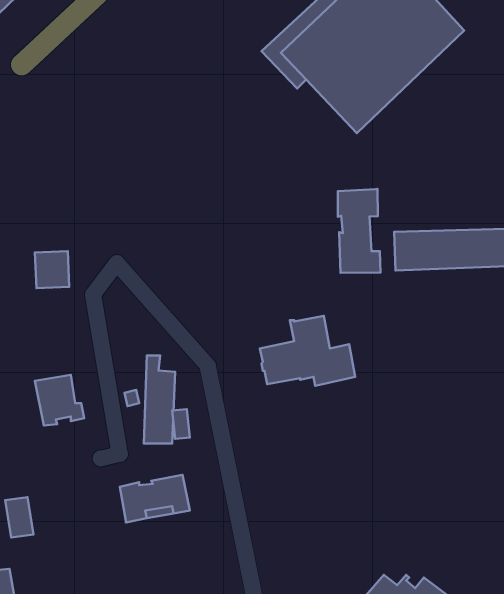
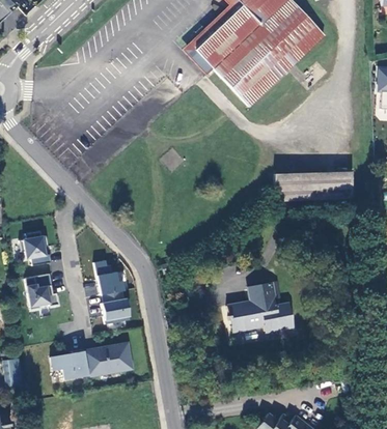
building: [338,189,381,273] -> none
building: [35,251,69,288] -> [26,235,50,261]
building: [260,316,355,386] -> [226,283,293,332]
building: none -> [51,349,88,379]

